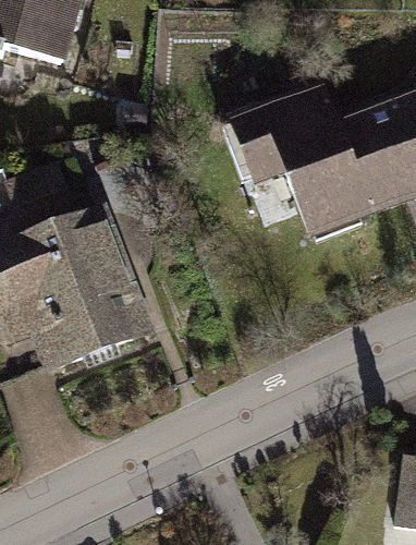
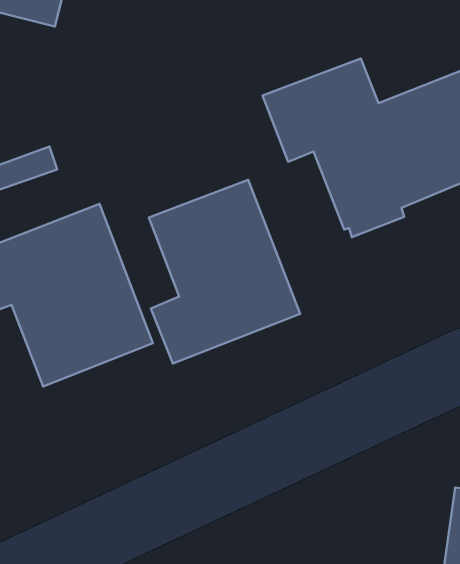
building: none -> [149,180,300,363]

